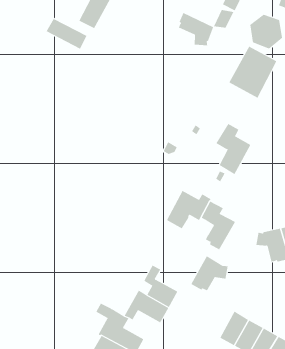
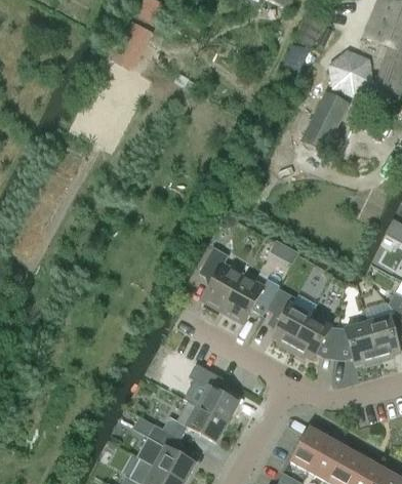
building: [178,12,214,46] -> none
building: [46,18,87,50] -> none
building: [216,123,251,175] -> [198,246,243,312]
building: [190,256,228,291] -> [290,314,338,359]

